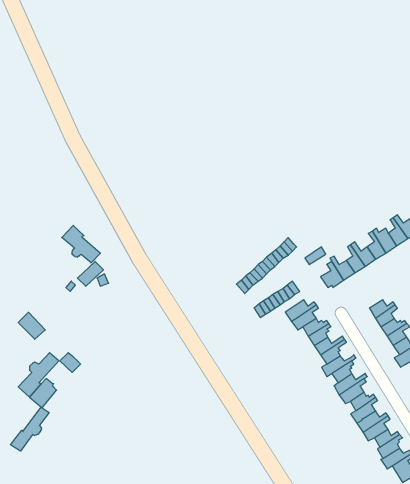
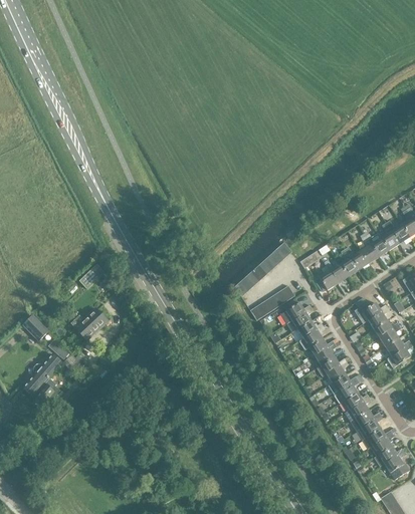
building: [62,225,100,263] -> none
building: none -> [71,305,109,338]
building: [11,407,49,451] -> none

